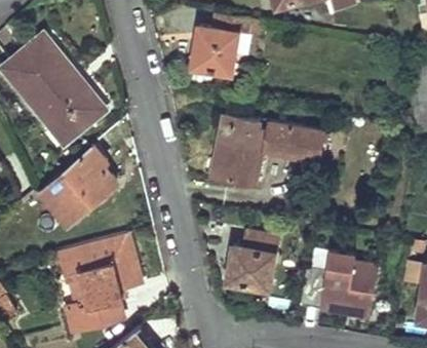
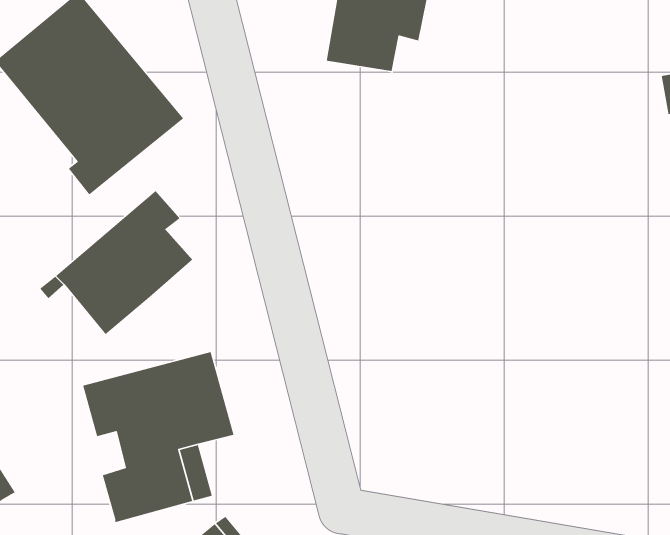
building: [217,115,323,185] -> none
building: [226,235,277,292] -> none
building: [300,255,379,318] -> none

